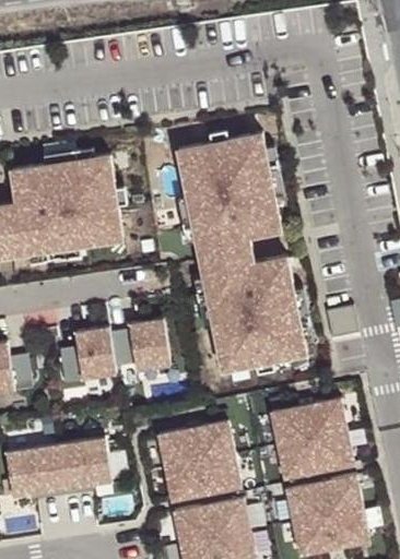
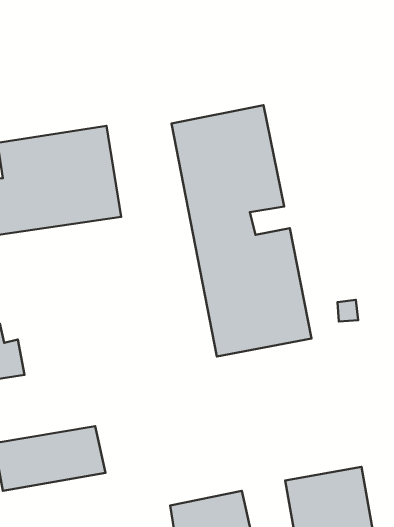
building: [59,317,170,386] -> none
building: [269,401,353,480] -> none
building: [158,425,239,507] -> none

